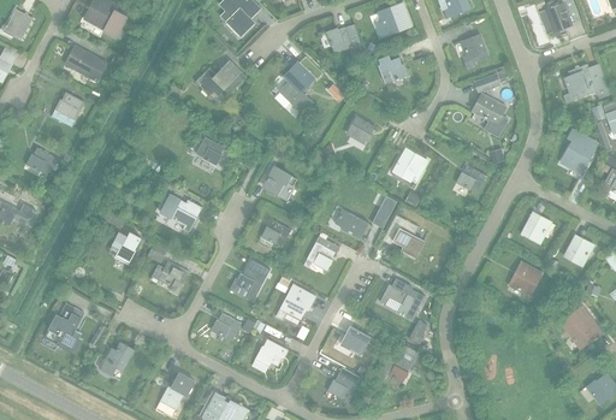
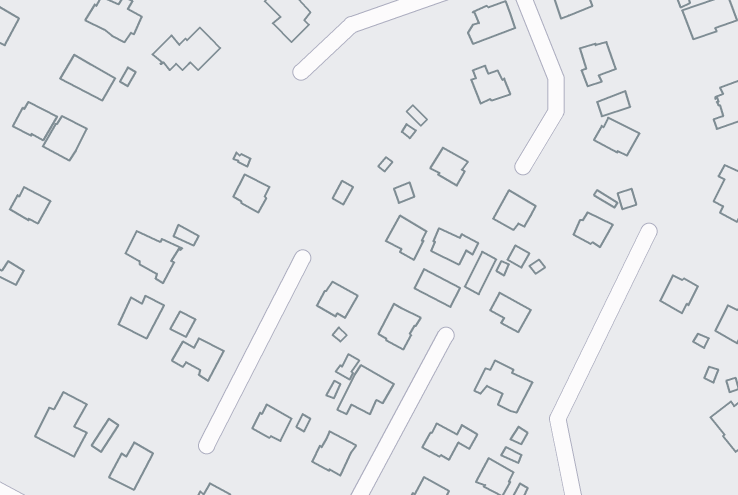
building: [324,23,363,55] -> none
building: [278,59,313,113] -> none
building: [194,60,245,93] -> [152,28,220,70]
building: none -> [13,102,57,140]
building: [263,166,295,200] -> [386,216,427,260]
building: none -> [431,228,478,265]
building: [159,193,202,232] -> [125,231,182,283]
building: [233,258,268,300] -> none
building: [507,260,540,294] -> none

